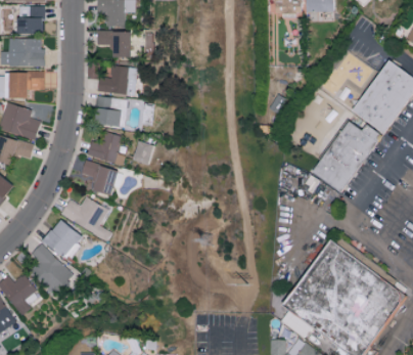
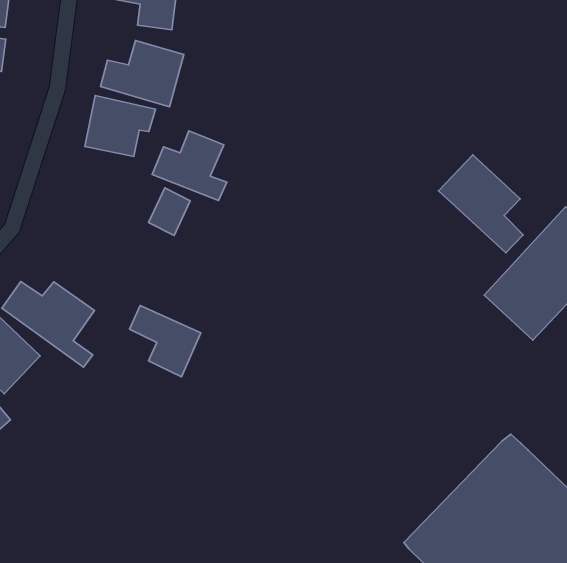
building: none -> [439,155,523,253]
building: [86,131,126,166] -> [152,131,227,200]
building: [80,161,118,195] -> [129,306,201,377]

